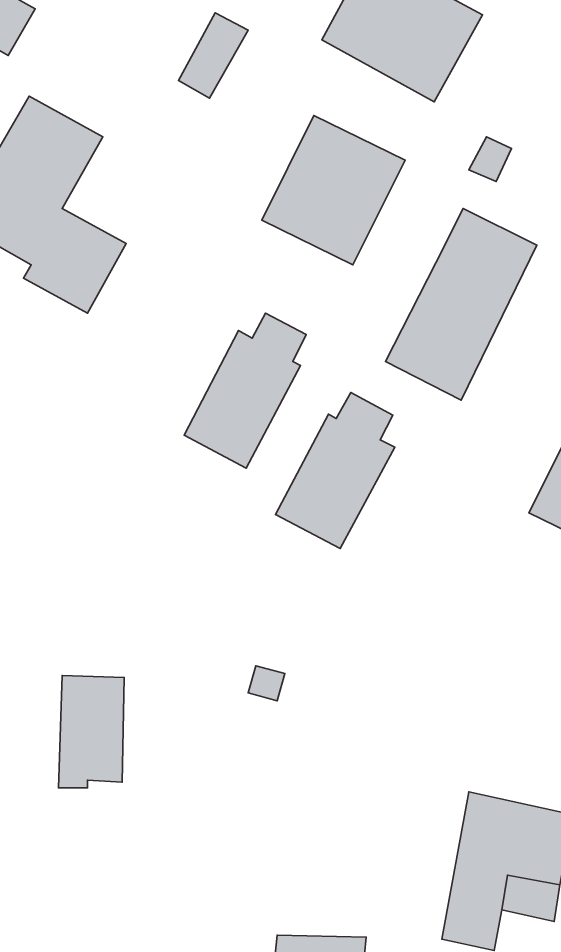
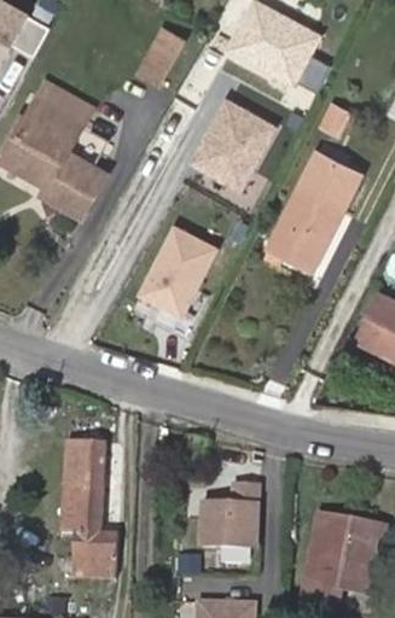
building: [275,393,395,549] -> none
building: none -> [199,486,256,549]
building: none -> [60,508,115,582]

